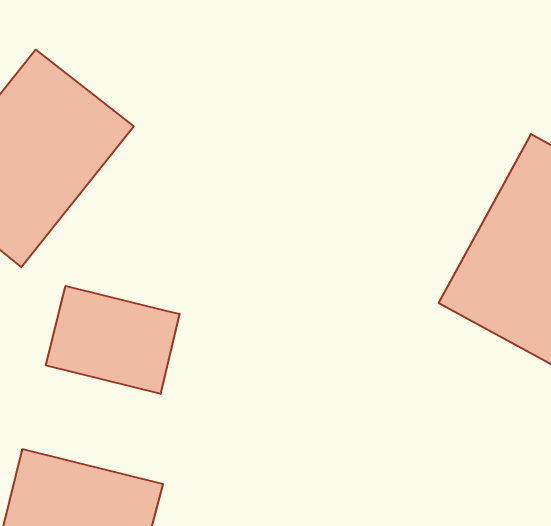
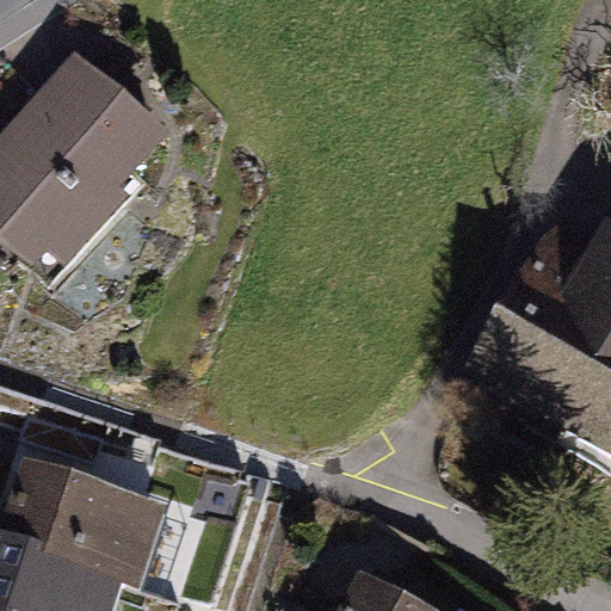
building: [46,286,180,394] -> none

